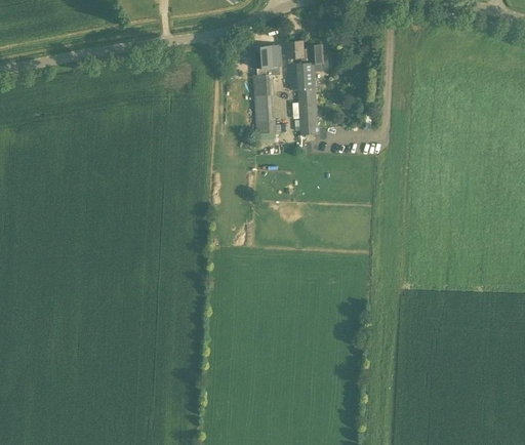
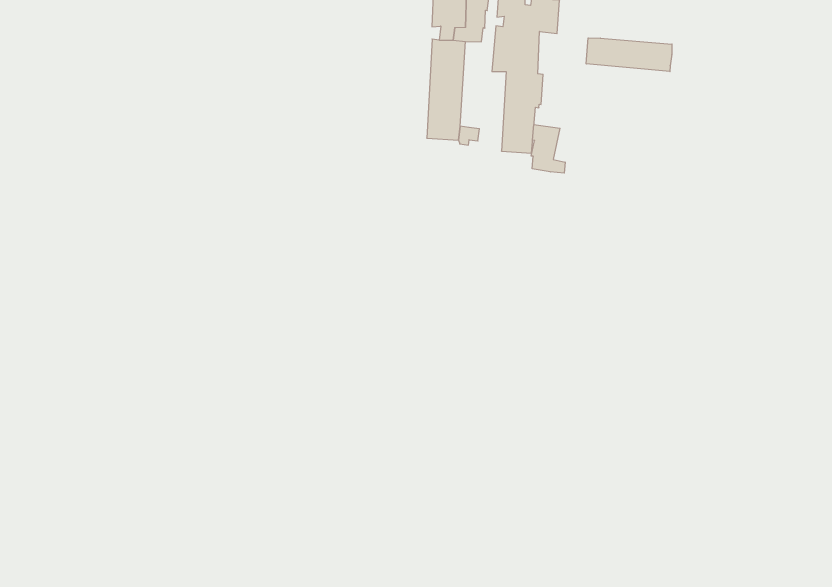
building: none -> [586,38,672,72]
building: none -> [531,124,565,173]

